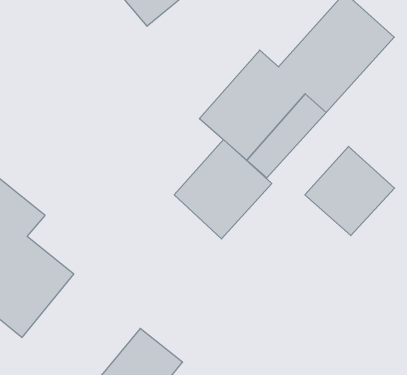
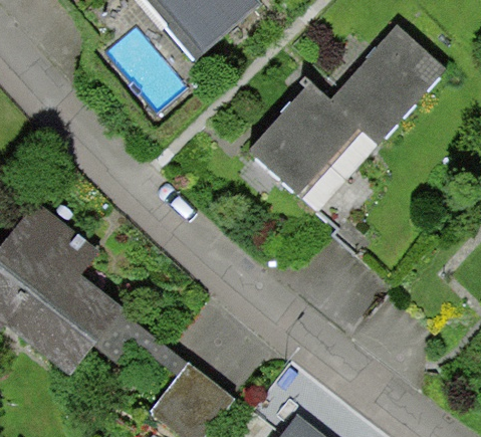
building: [174,140,272,239] -> none
building: [305,146,395,236] -> none

